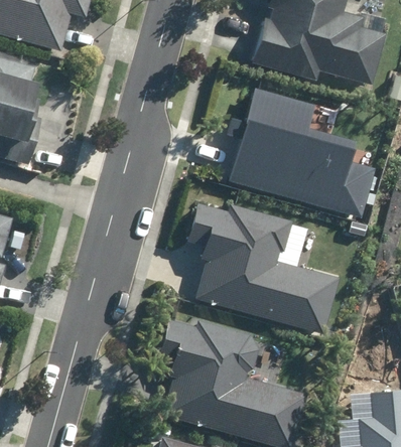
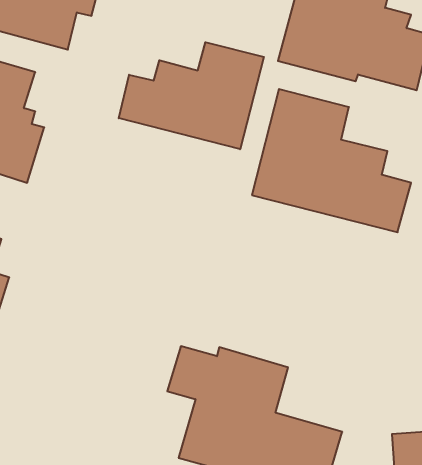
building: none -> [119,42,264,149]
building: [181,203,338,332] -> none

